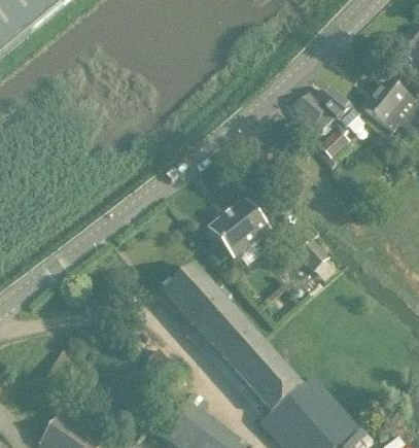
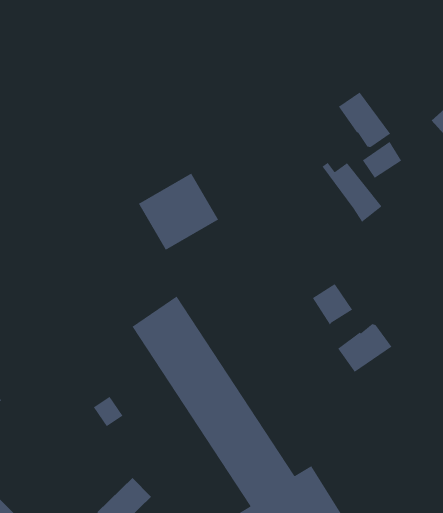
building: [306,84,355,128] -> [321,162,382,223]
building: [206,196,268,256] -> [138,172,219,251]
building: none -> [337,323,392,373]

